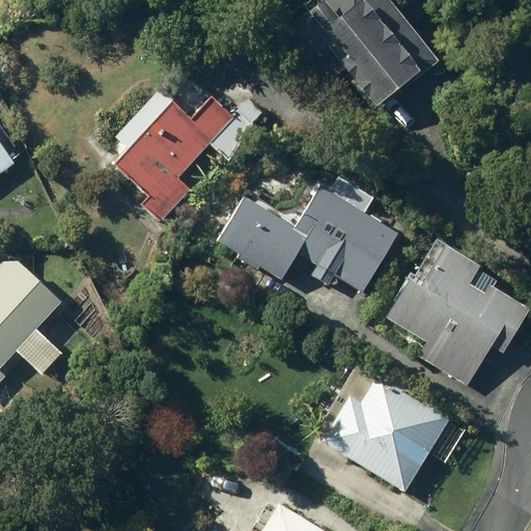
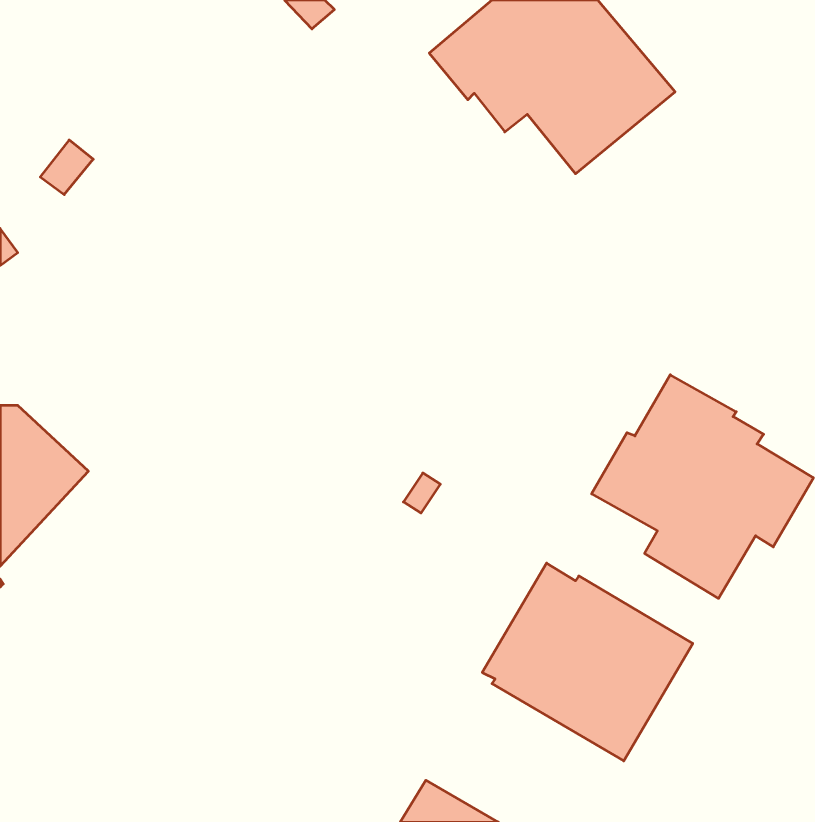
building: [113,88,257,221] -> none
building: [213,186,397,291] -> none

